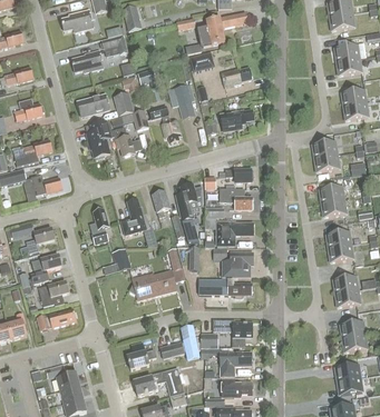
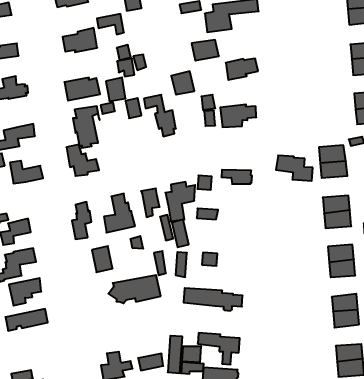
building: [111,126,143,155] -> [66,144,99,176]
building: [217,187,251,208] -> [276,155,313,181]
building: [215,219,252,244] -> none
building: [221,250,252,276] -> none

